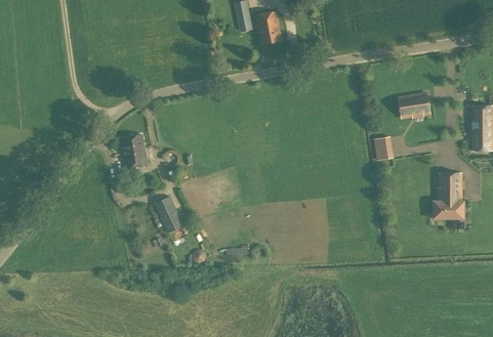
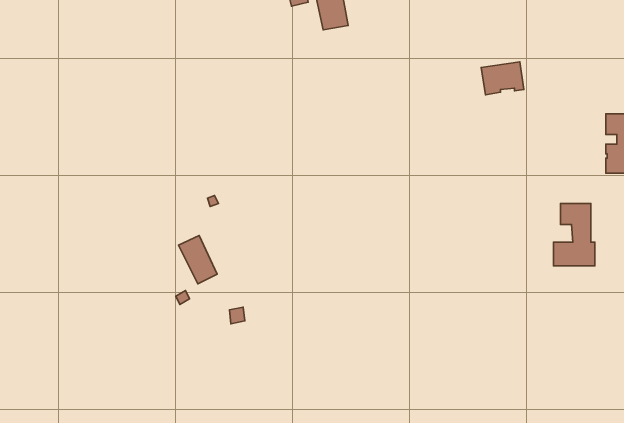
building: [397,93,428,118] -> [481,62,524,95]
building: [372,135,393,160] -> none
building: [121,137,147,166] -> none

